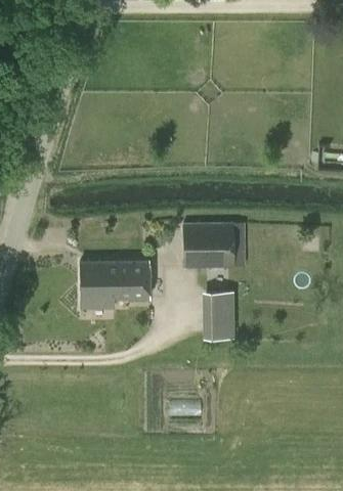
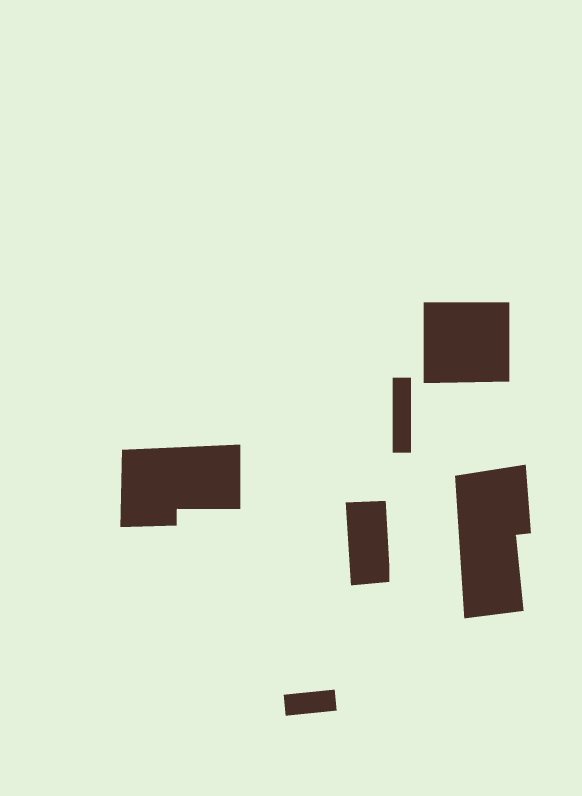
building: [182,223,231,269] -> [423,302,510,384]
building: none -> [454,464,531,619]

